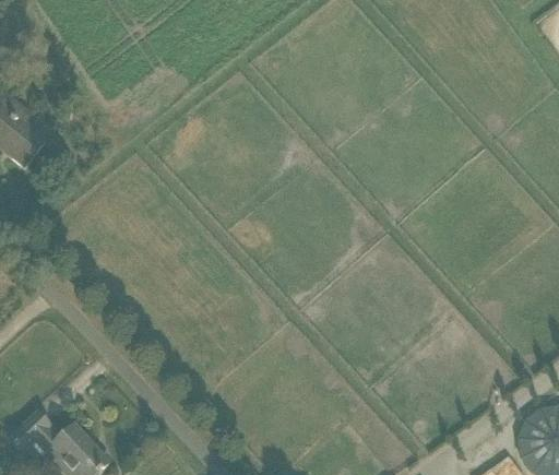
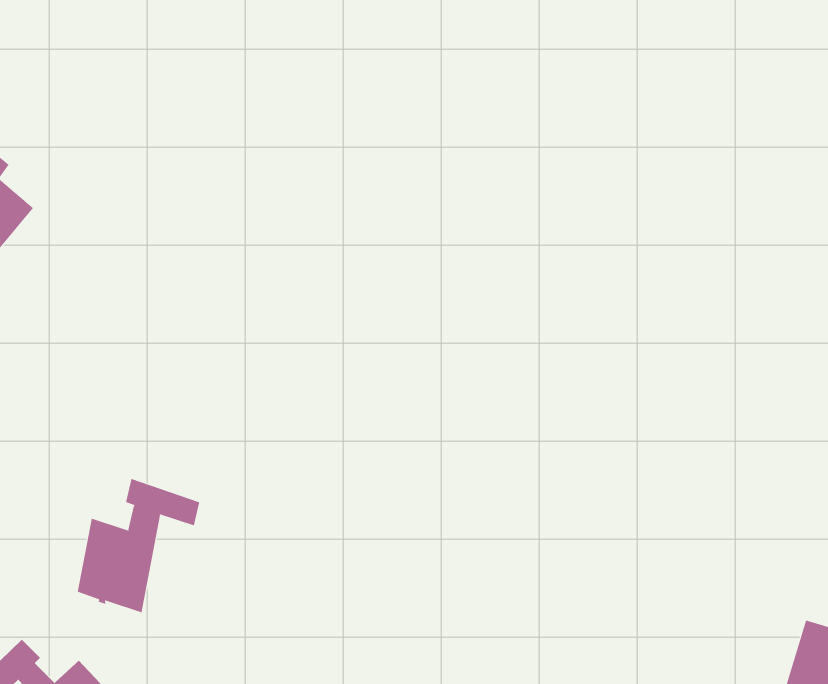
building: none -> [77,478,200,613]

